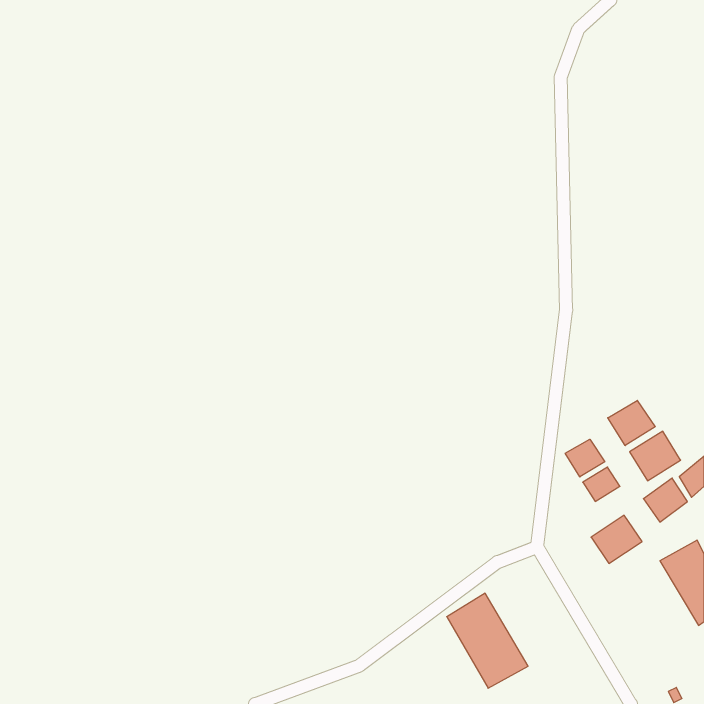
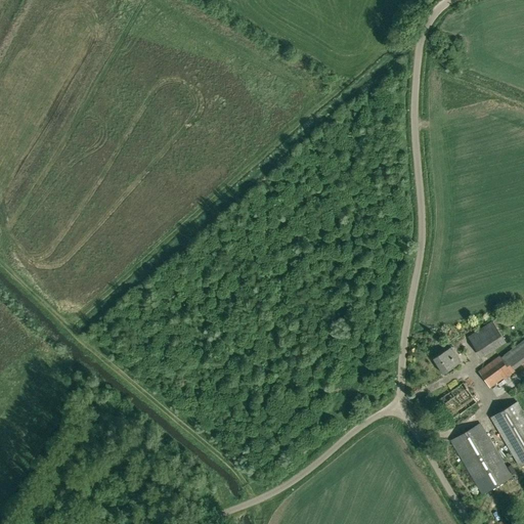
building: [608,400,655,446] -> none
building: [565,439,605,477] -> none
building: [447,593,528,688] -> [451,423,512,493]

